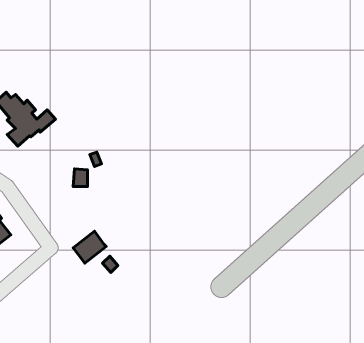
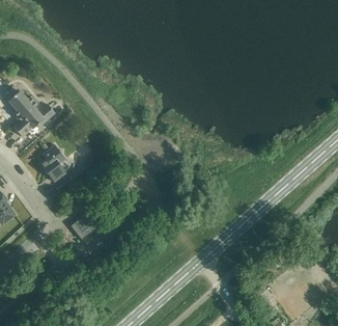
building: none -> [38,144,65,182]

